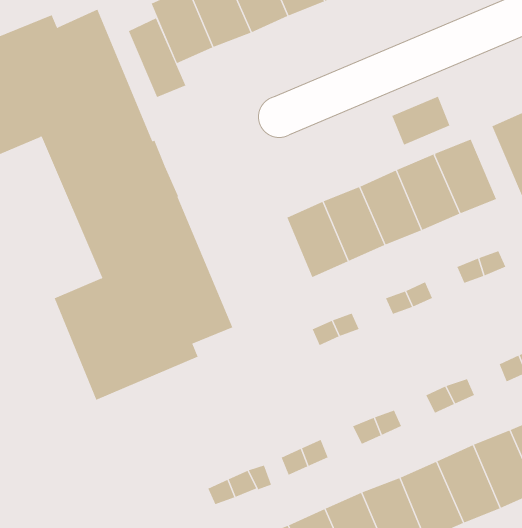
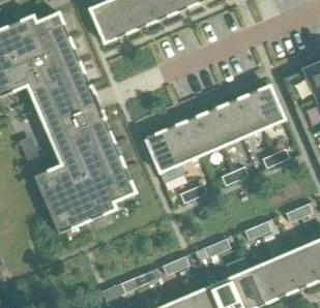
building: [128,17,186,98] -> none
building: [392,96,450,145] -> none
building: none -> [145,129,180,172]

